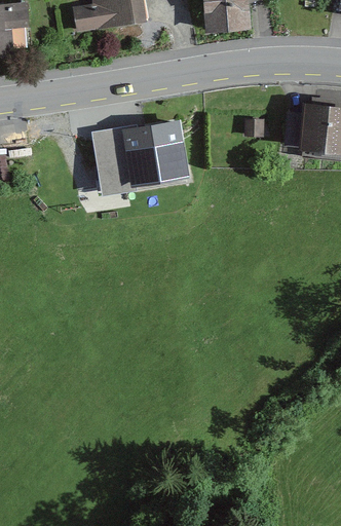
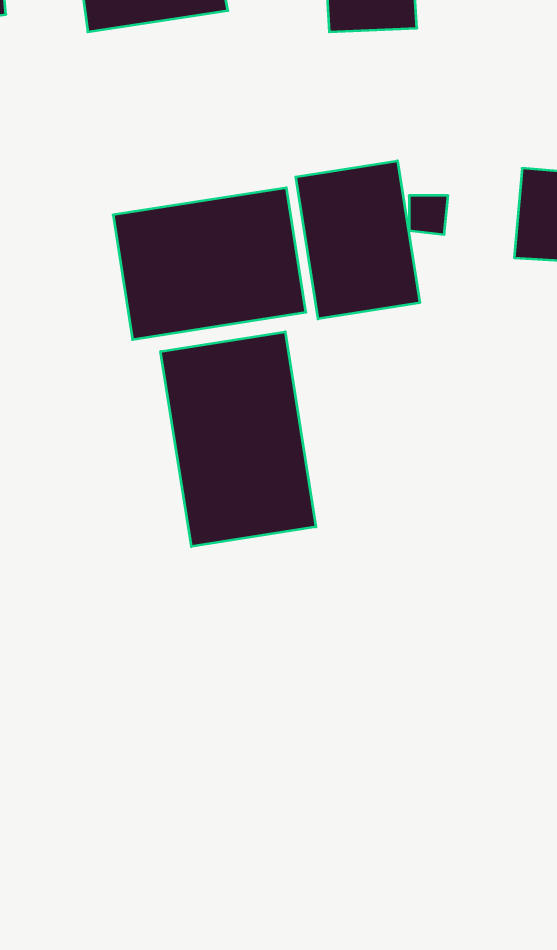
building: none -> [296,161,420,319]
building: none -> [161,332,316,547]

